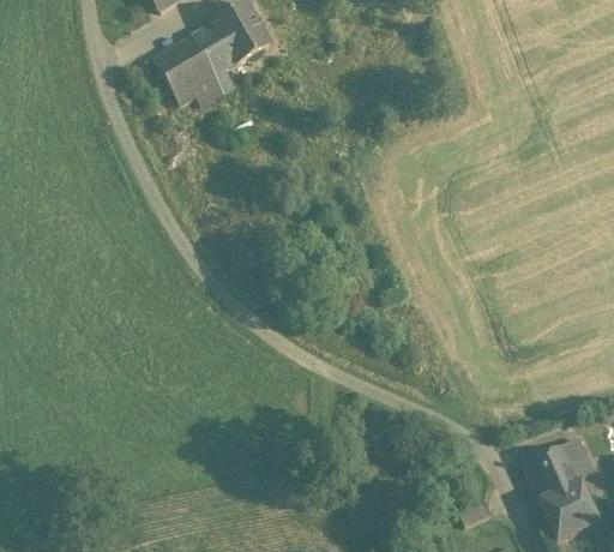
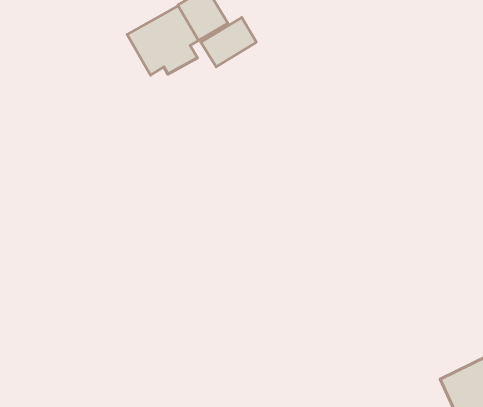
building: none -> [201,17,256,67]

